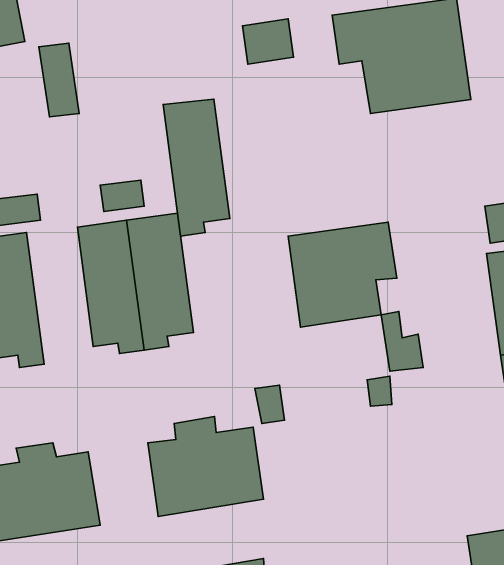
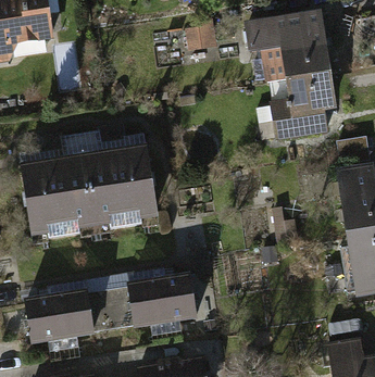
building: [163,99,230,236] -> [52,151,93,236]
building: [288,222,397,327] -> [265,72,333,137]
building: none -> [90,285,133,329]

